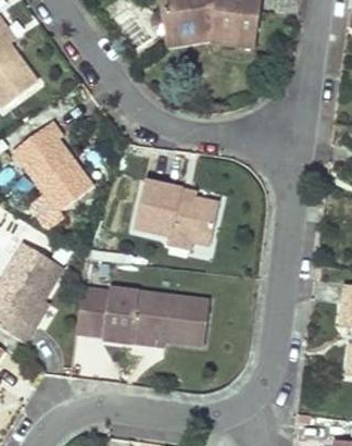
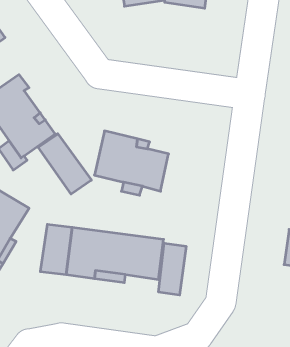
building: none -> [38,134,91,194]
building: none -> [159,243,186,295]

